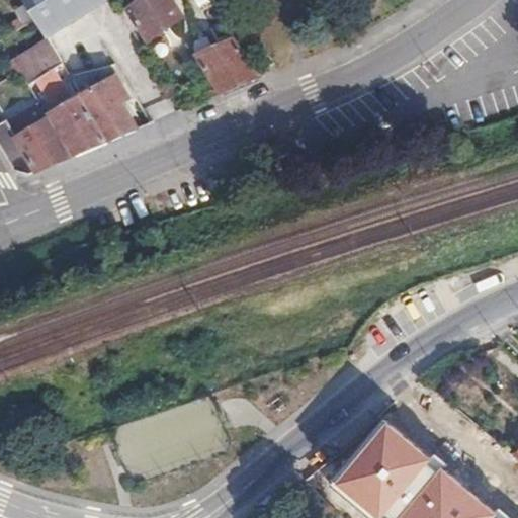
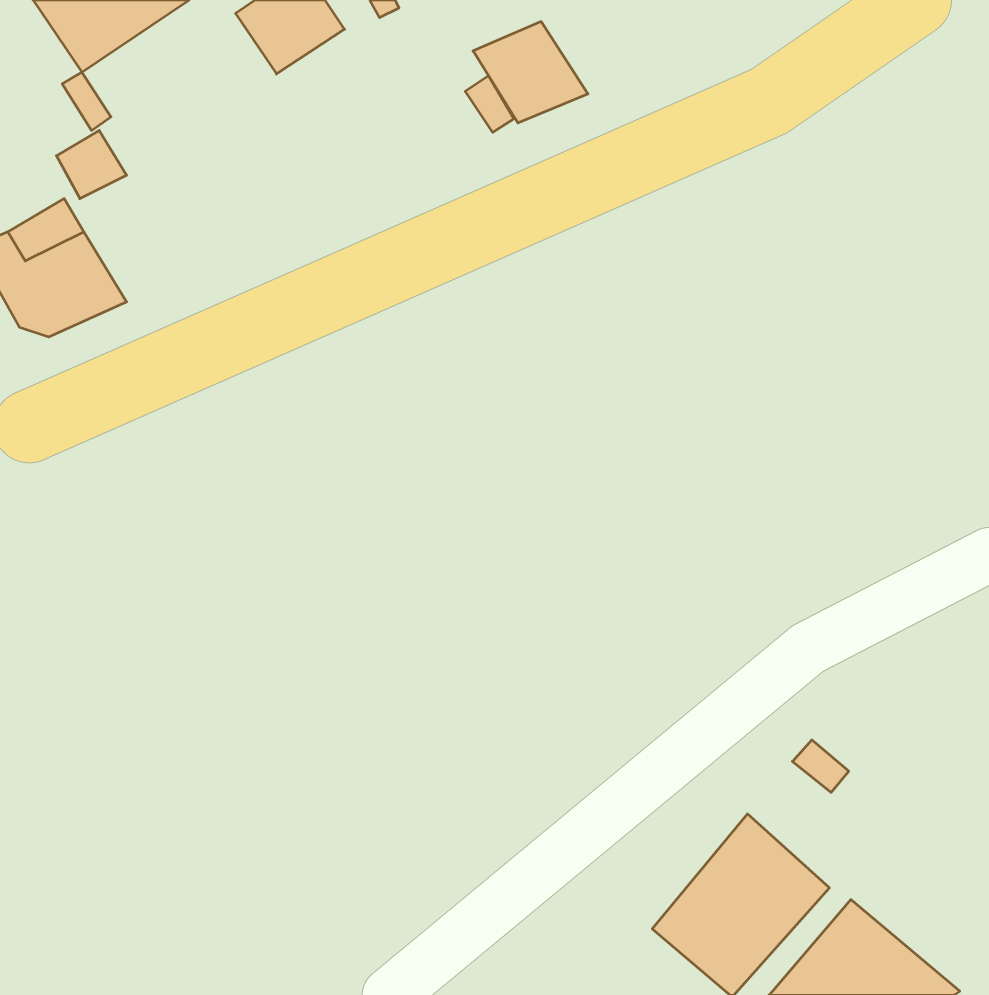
building: [193,38,253,91] -> [473,22,588,123]
building: [47,76,133,155] -> none

